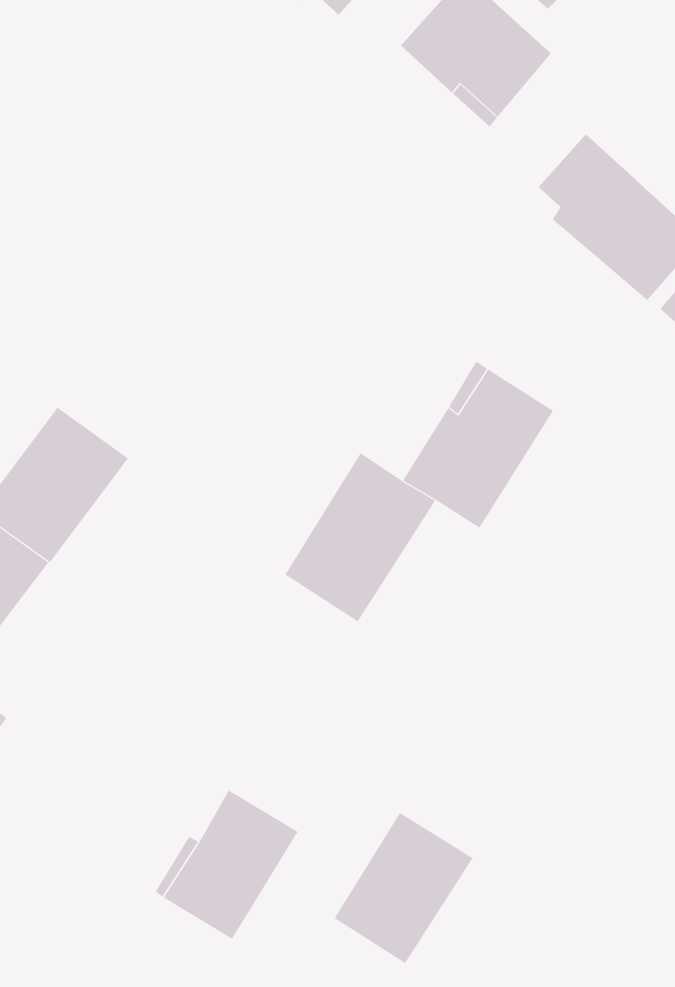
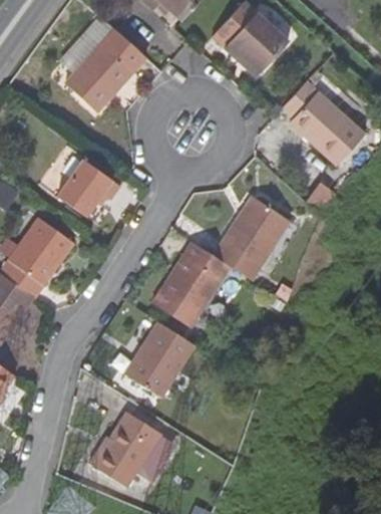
building: none -> [65,27,146,110]
building: none -> [55,159,120,217]
building: [334,812,473,964] -> [124,320,195,397]

